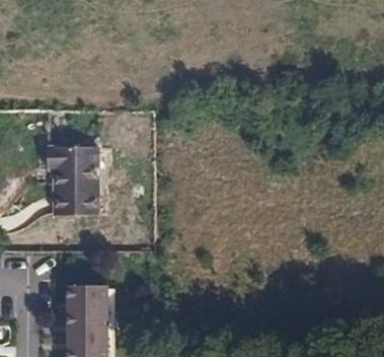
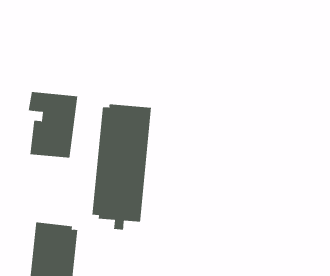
building: none -> [92,103,152,230]

